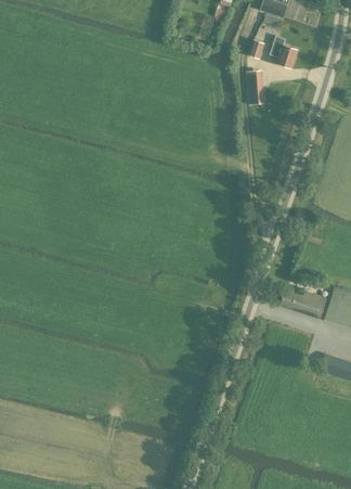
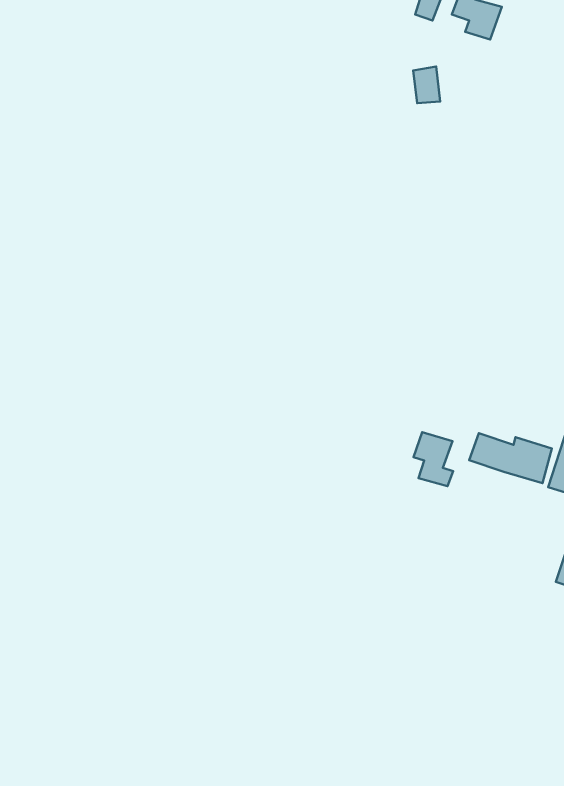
building: none -> [414,432,453,486]

